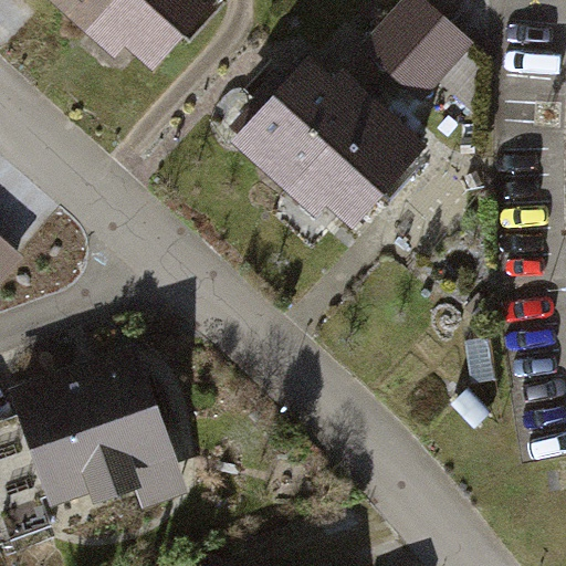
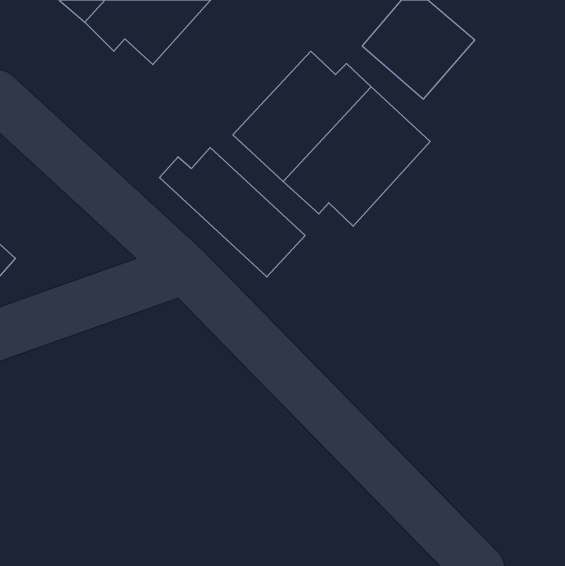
building: none -> [159,148,305,277]
building: [11,350,184,510] -> none

